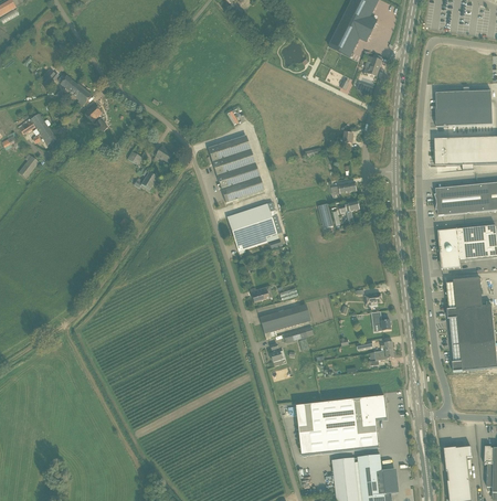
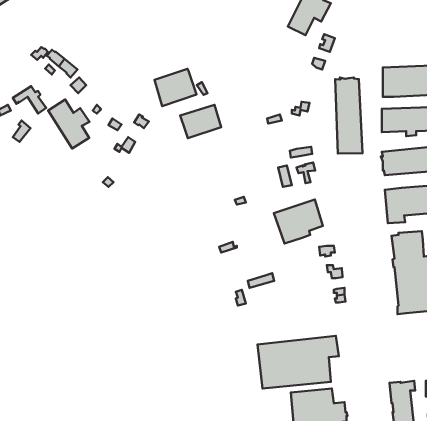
building: none -> [335,77,362,154]
building: none -> [48,100,89,148]
building: [216,159,264,201] -> [154,69,196,106]
building: [226,200,282,249] -> [274,200,323,244]
building: [260,305,302,337] -> none

